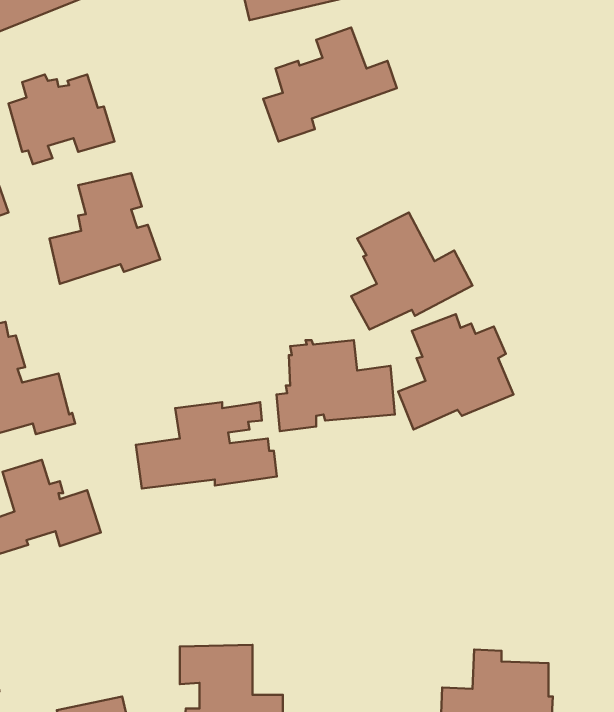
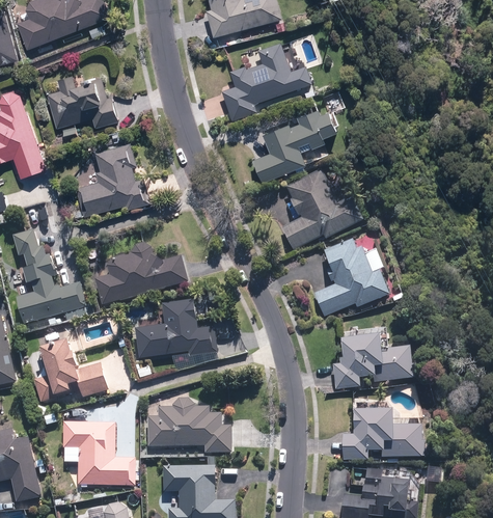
building: none -> [253,94,344,181]
building: none -> [93,243,188,304]
building: [277,340,395,431] -> [328,328,409,390]
building: none -> [147,398,230,453]
building: none -> [341,405,423,460]
building: none -> [62,421,133,487]

